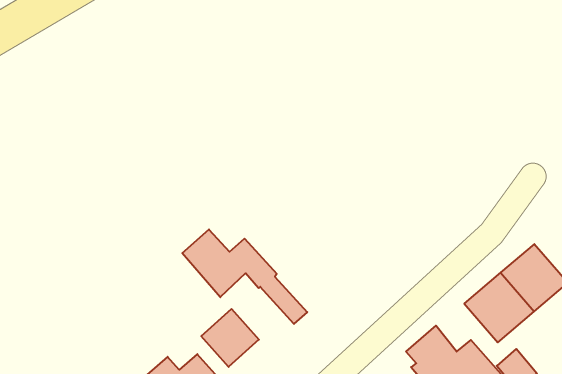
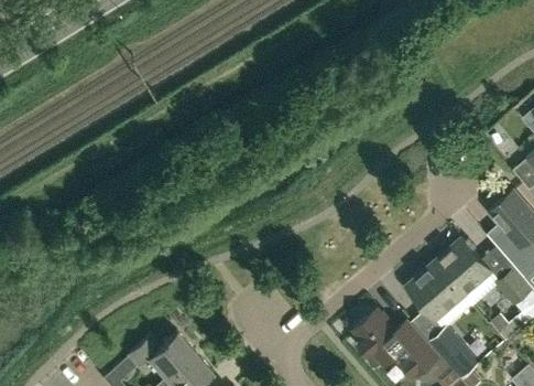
building: [182,229,307,324] -> none
building: [201,309,259,367] -> none

